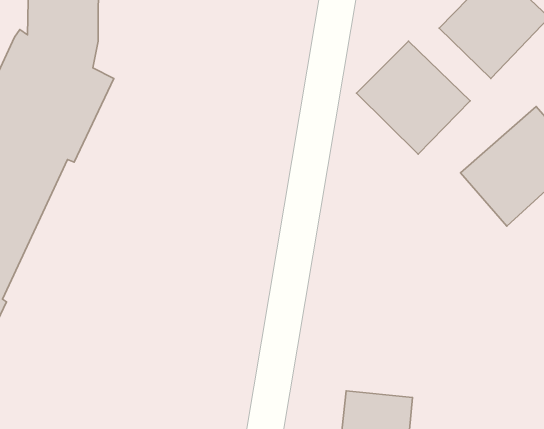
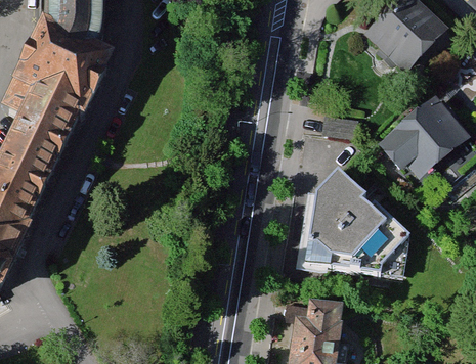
building: [357,41,470,154] -> none
building: none -> [300,165,401,266]

